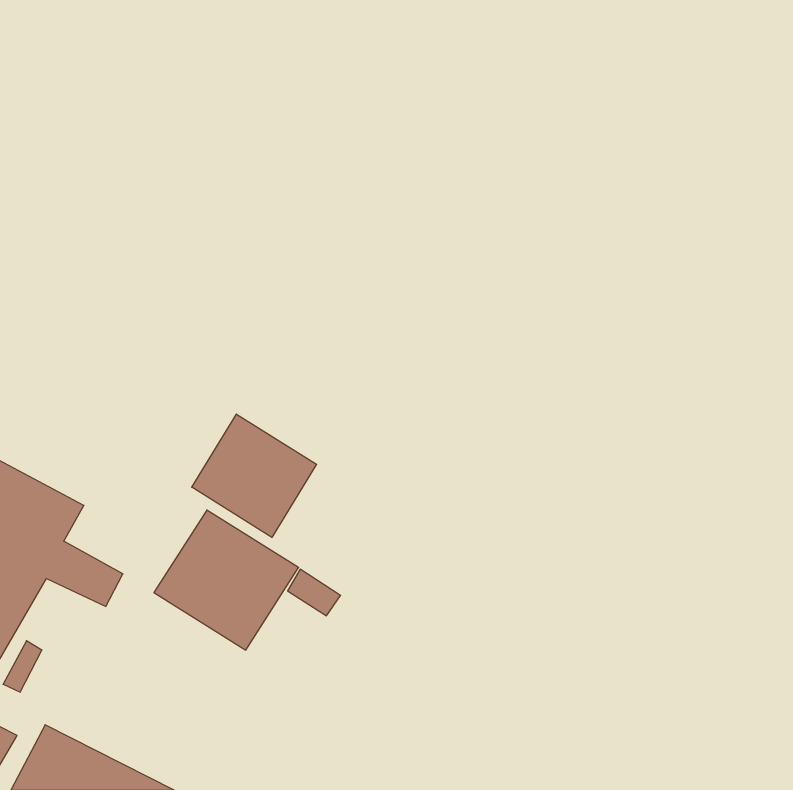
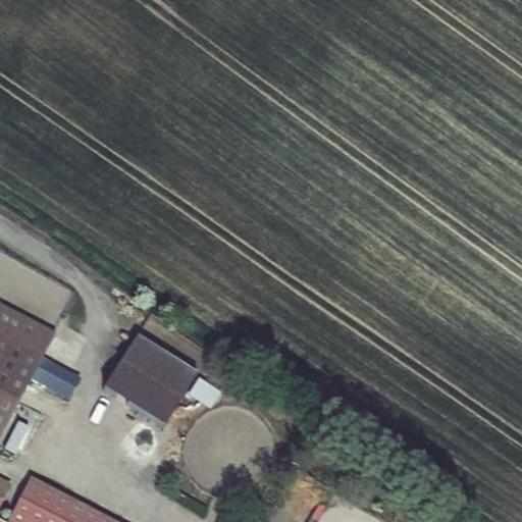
building: [192,414,317,537] -> none

